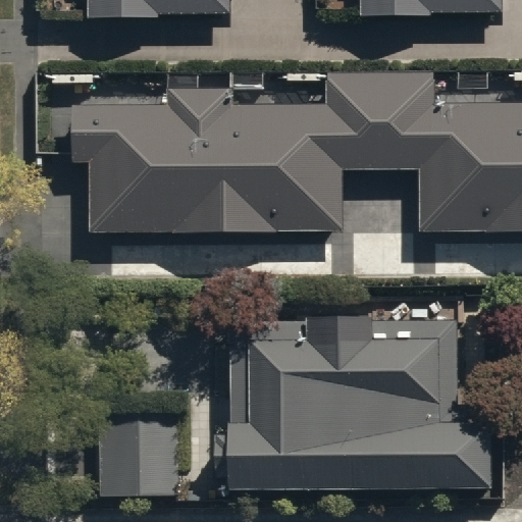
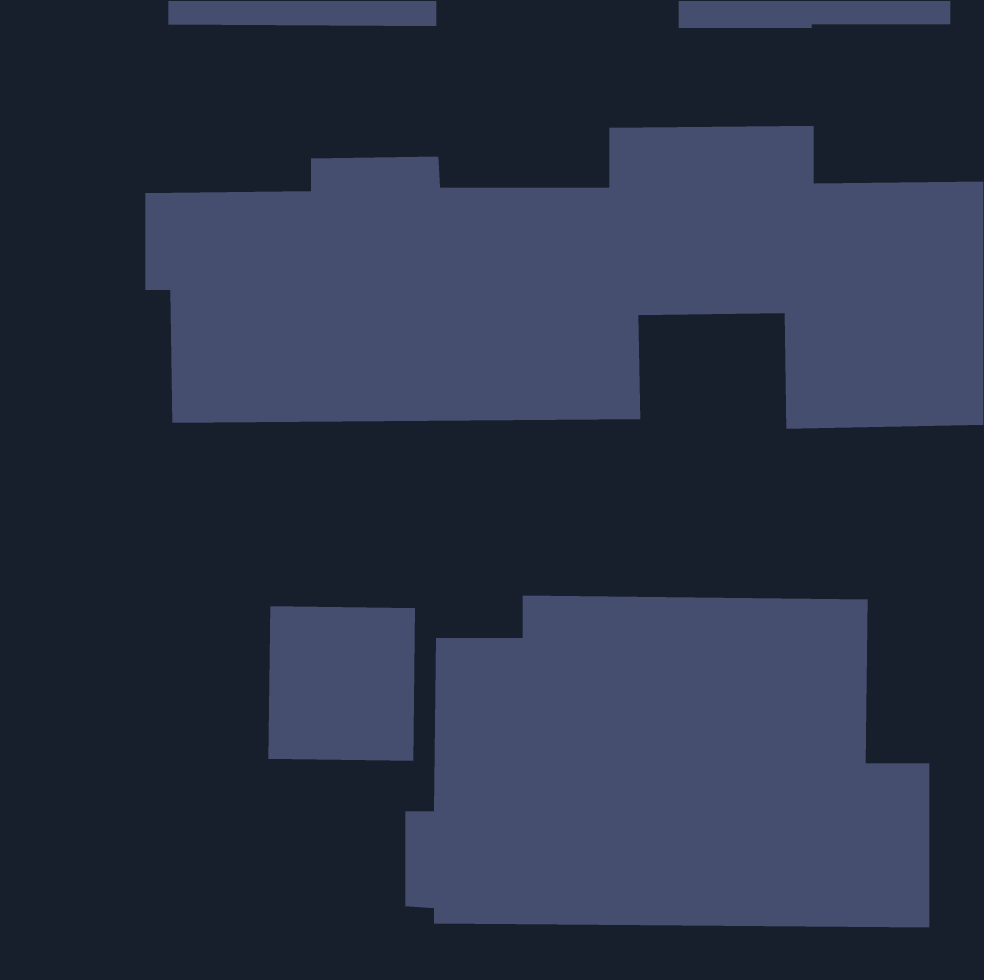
building: [100,413,178,495] -> [268,606,416,762]

